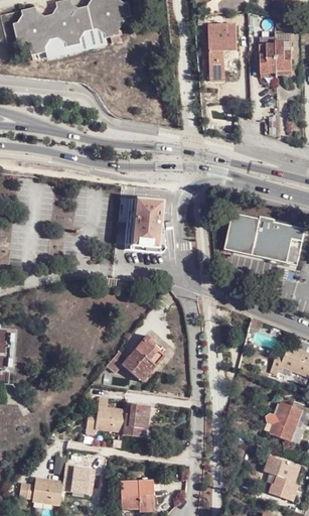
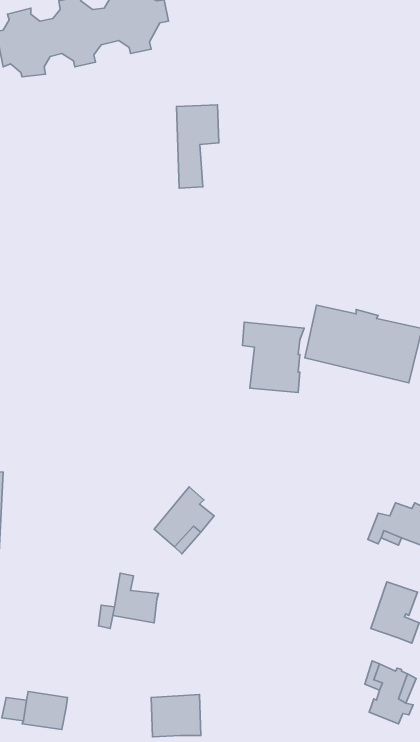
building: [208,24,238,82] -> [176,105,219,188]
building: [262,41,293,73] -> none
building: [119,197,161,245] -> [243,322,304,392]
building: [121,403,150,436] -> none
building: [61,463,95,493] -> none

